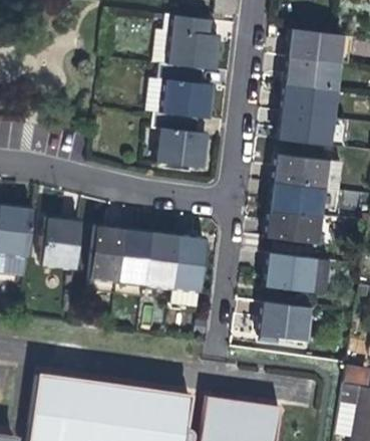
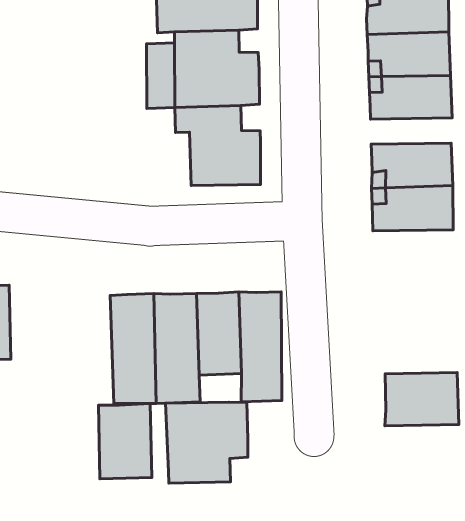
building: [267,209,322,242] -> none
building: [43,217,82,268] -> [98,404,152,479]
building: [267,252,317,291] -> none
building: none -> [166,402,248,483]

